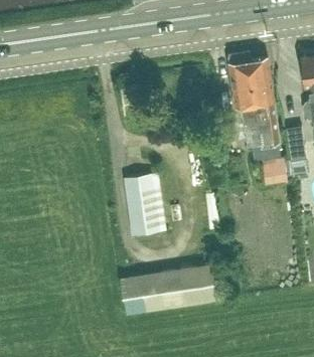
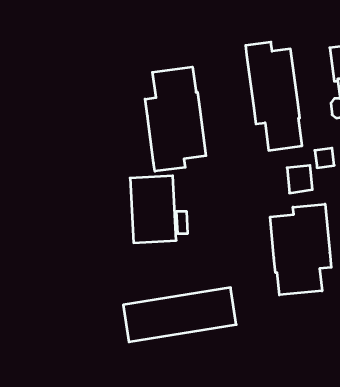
building: none -> [145,67,206,171]
building: none -> [270,204,331,295]

